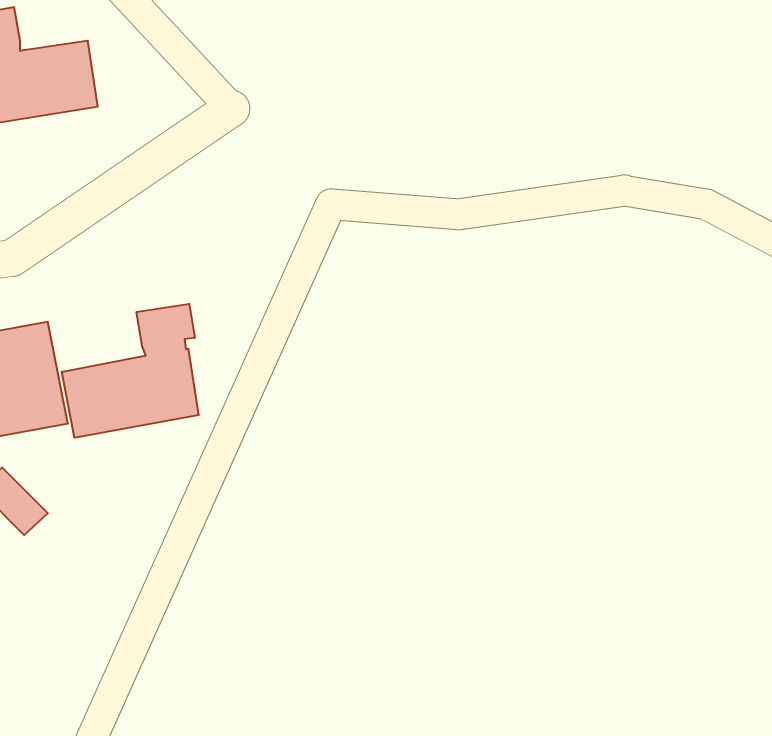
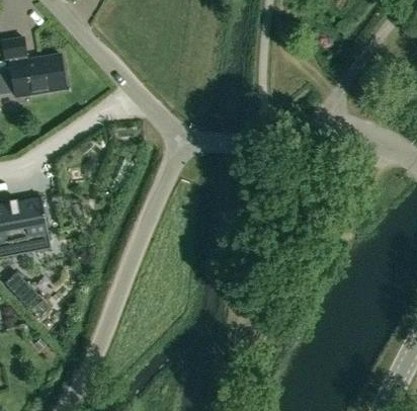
building: [62,304,199,438] -> none

